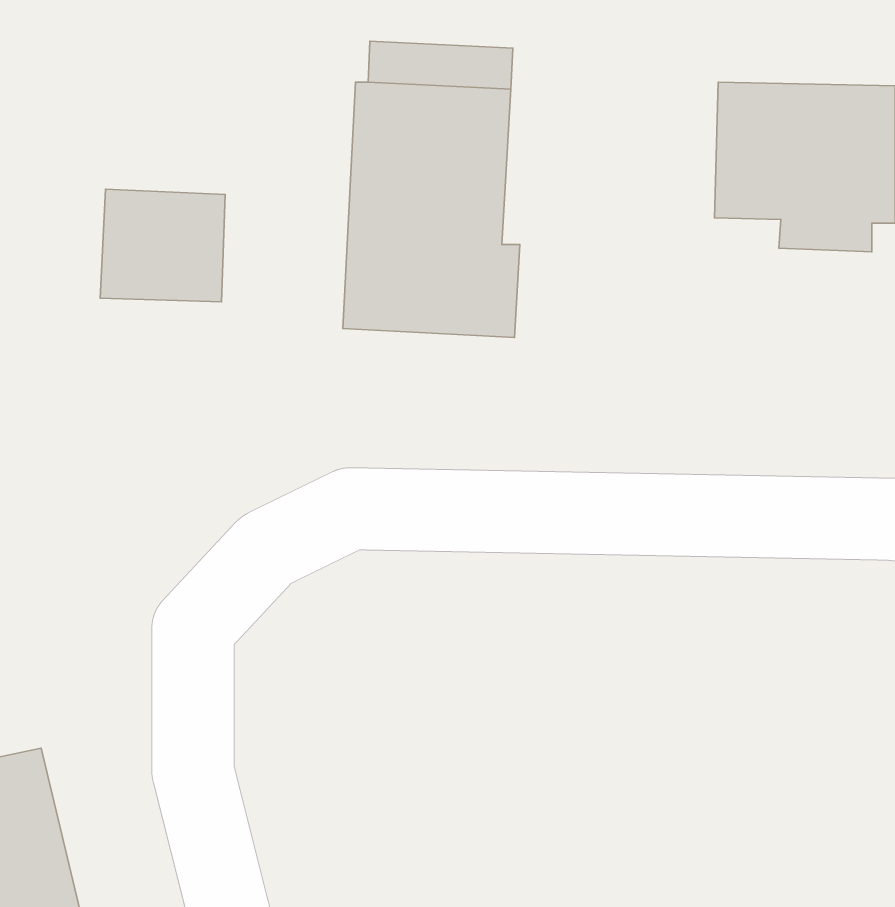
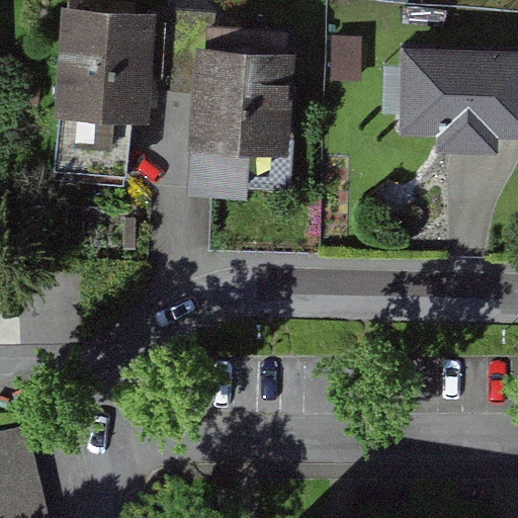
building: none -> [60,10,149,113]

